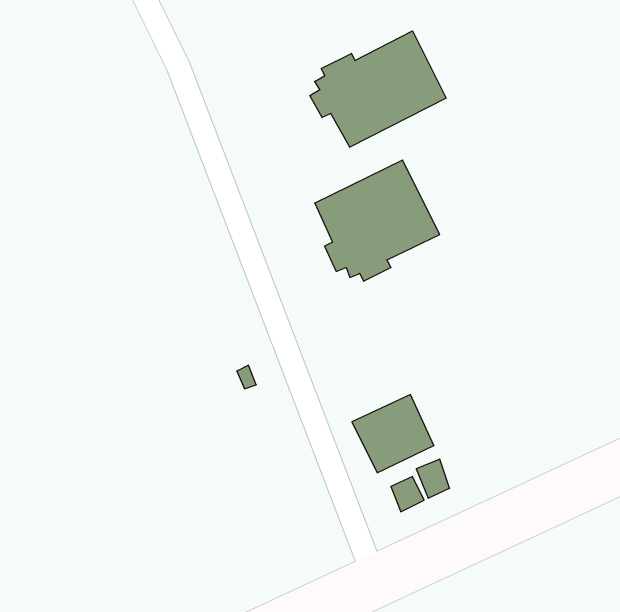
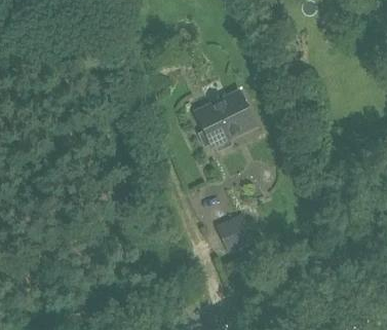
building: [310,31,446,147] -> none

